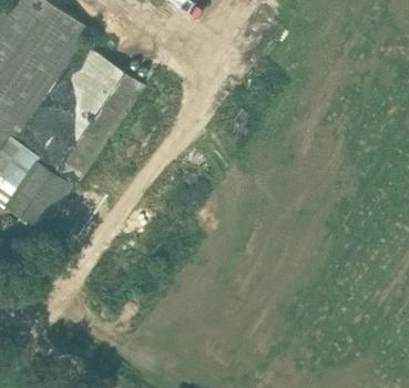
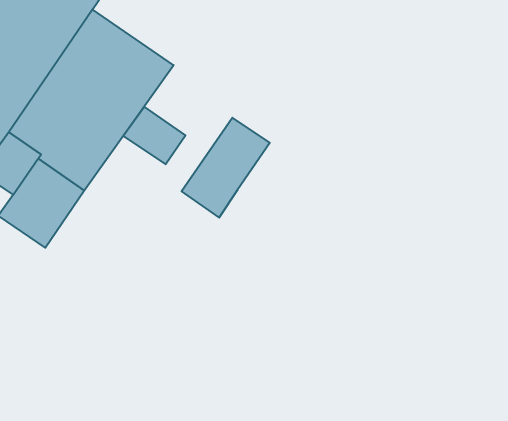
building: none -> [123,107,185,164]
building: none -> [182,118,270,218]

